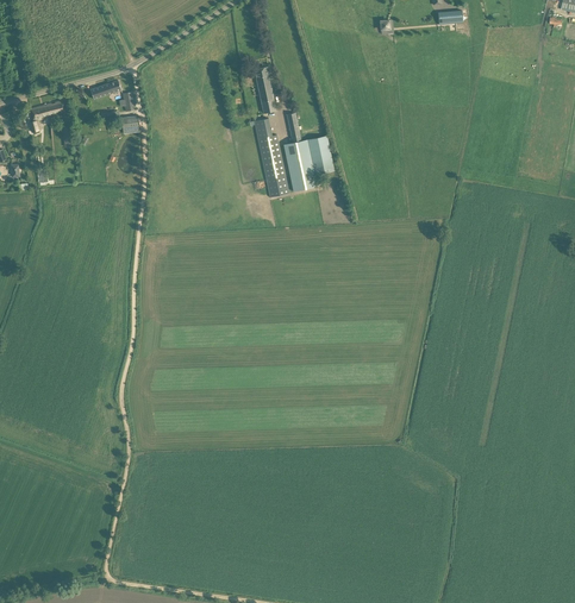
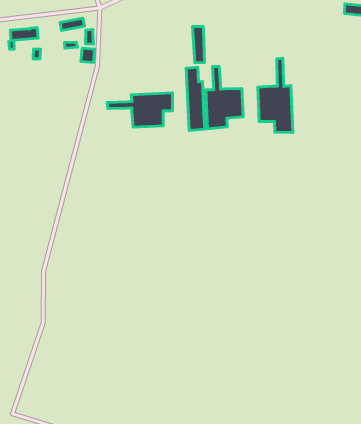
building: none -> [258,58,293,133]
building: none -> [107,93,173,127]

